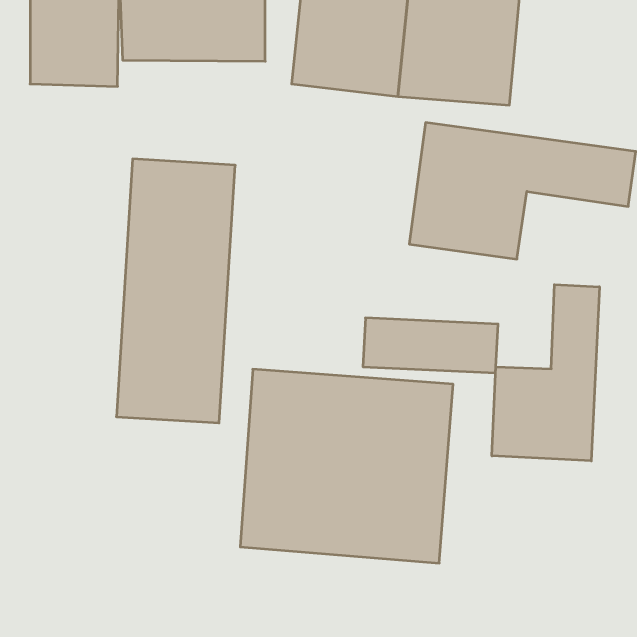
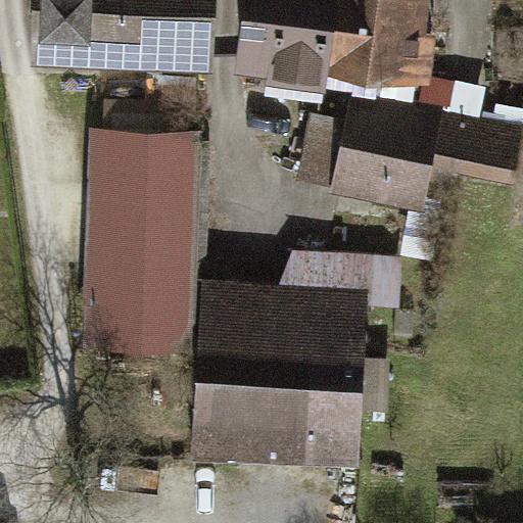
building: [492,285,599,461] -> none

